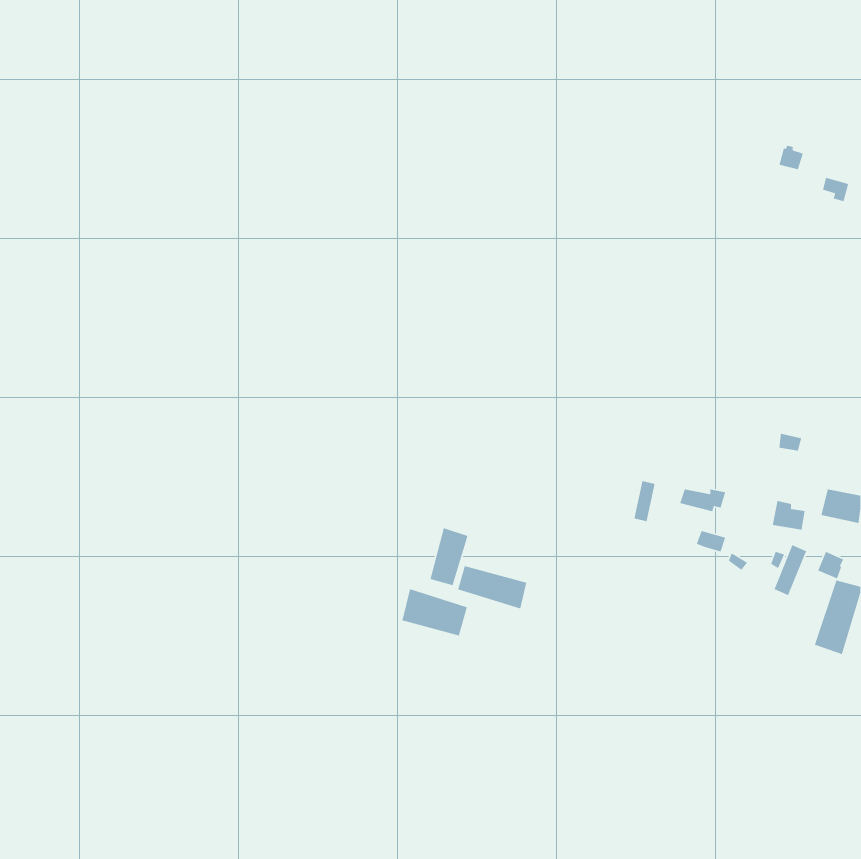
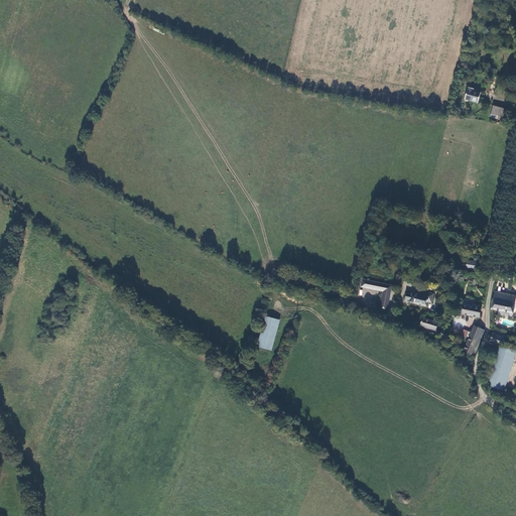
building: [457,565,527,610] -> none
building: [401,588,468,636] -> none

